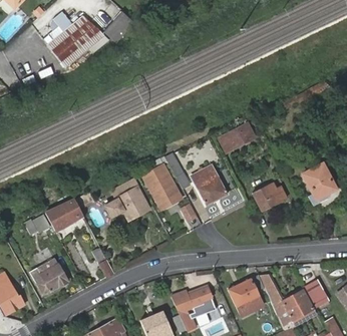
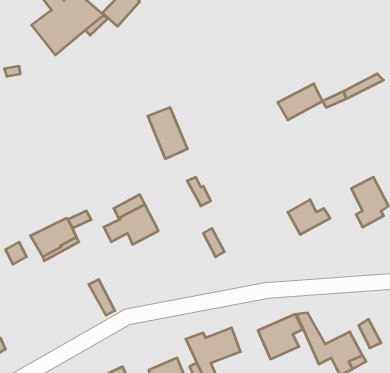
building: [219,123,255,152] -> [278,84,323,120]
building: [149,164,182,206] -> [148,108,188,159]
building: [192,165,228,206] -> none
building: [31,256,69,293] -> none

